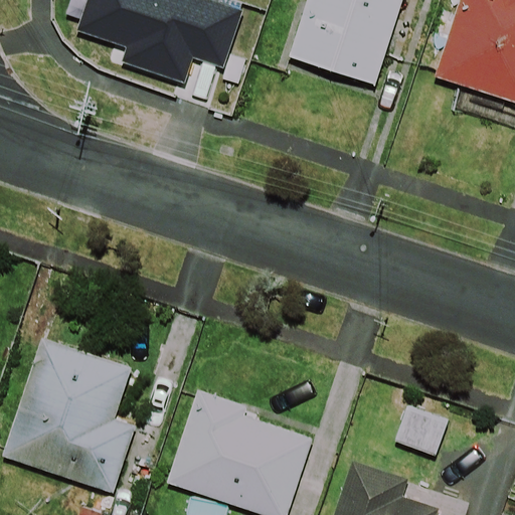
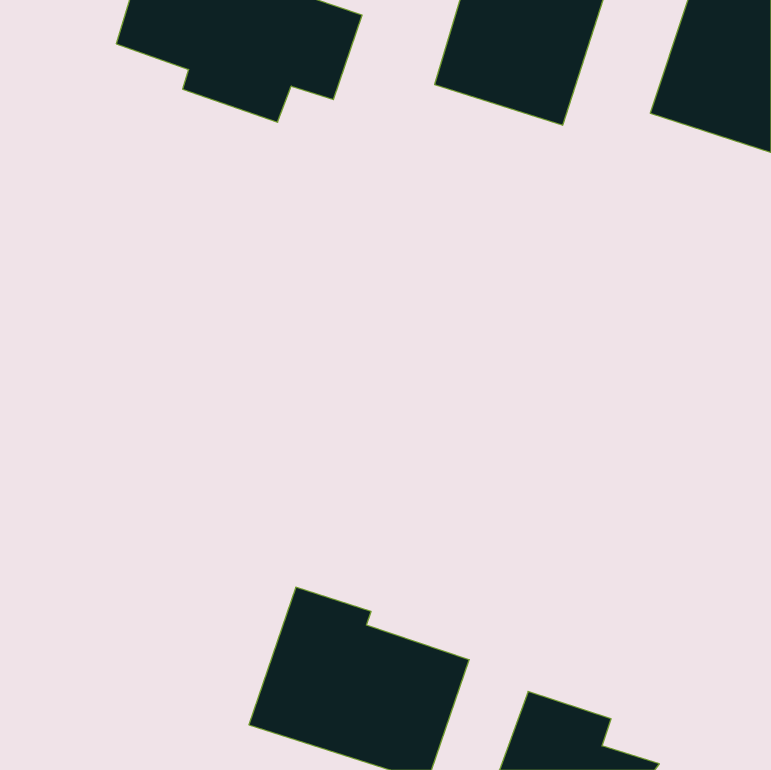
building: [4,338,136,495] -> none

